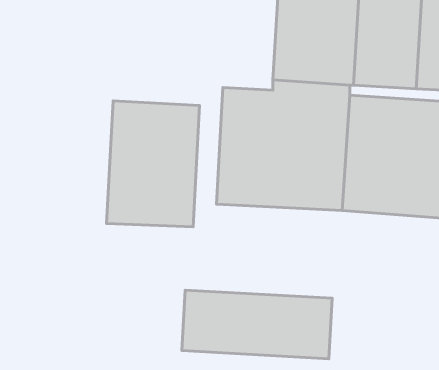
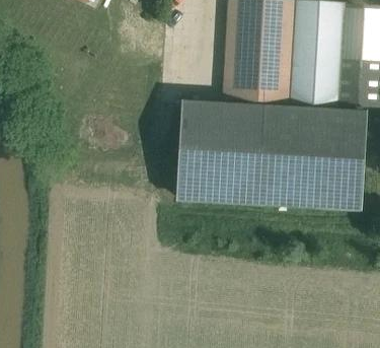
building: [106,101,200,227] -> none
building: [182,290,332,359] -> none

